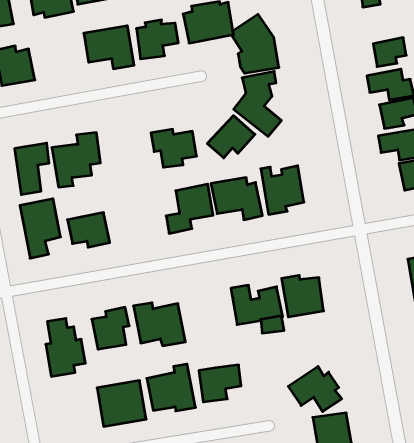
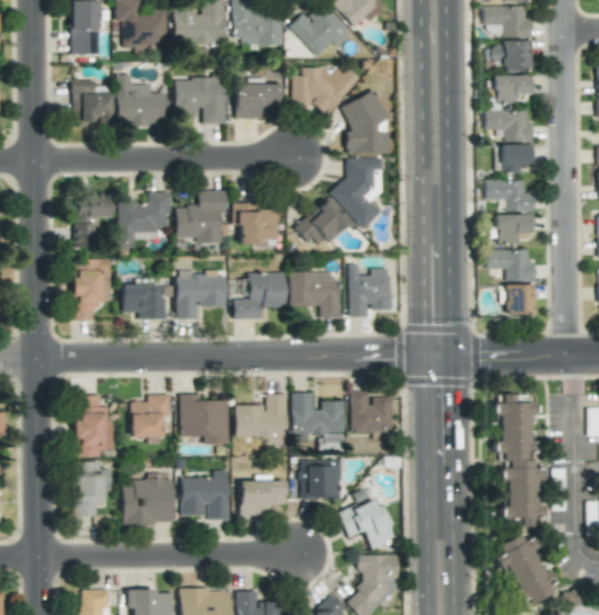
building: none -> [484,111,533,142]
building: none -> [115,74,168,126]
building: none -> [175,190,226,244]
building: none -> [176,274,227,320]
building: none -> [235,394,287,440]
building: none -> [299,460,341,500]
building: none -> [73,461,112,517]

